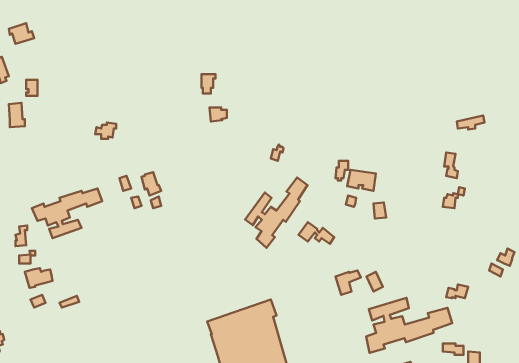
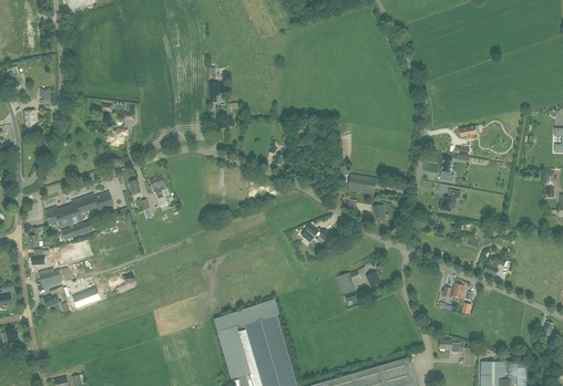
building: [245,177,308,248] -> none
building: [366,298,452,353] -> none

